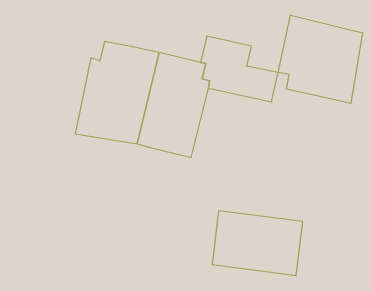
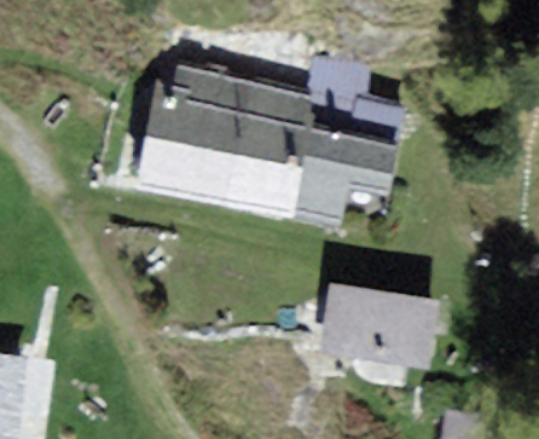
building: [278,15,363,103] -> none
building: none -> [292,125,399,227]

